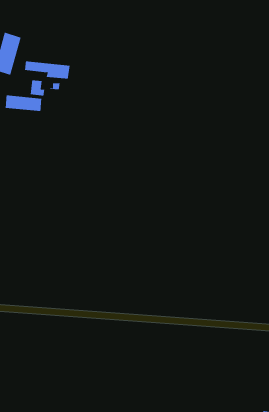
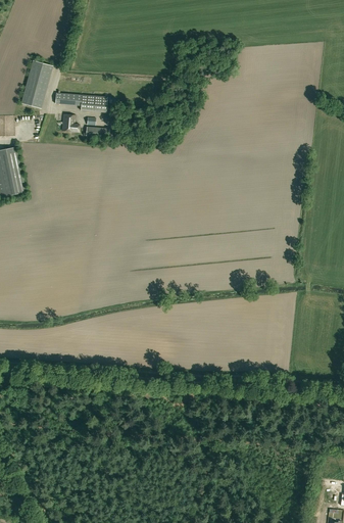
building: [5,94,42,112] -> none

